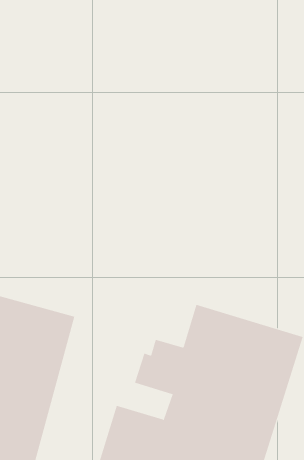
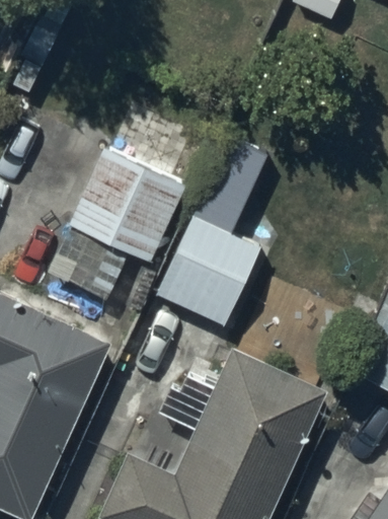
building: none -> [157,140,269,328]
building: none -> [67,149,189,268]

